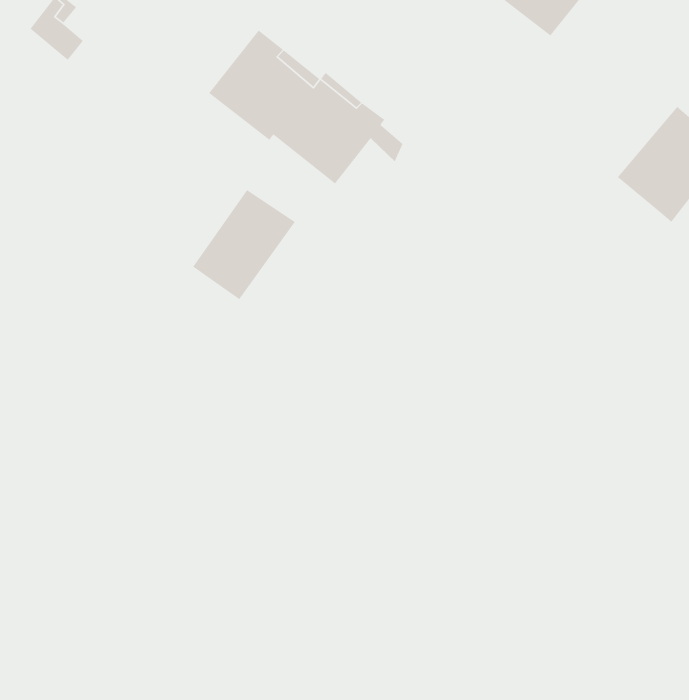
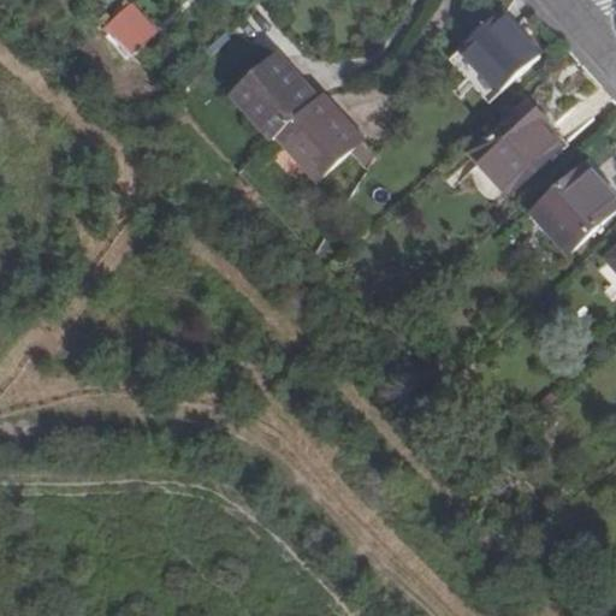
building: none -> [470,101,558,192]
building: [192,189,296,300] -> none

